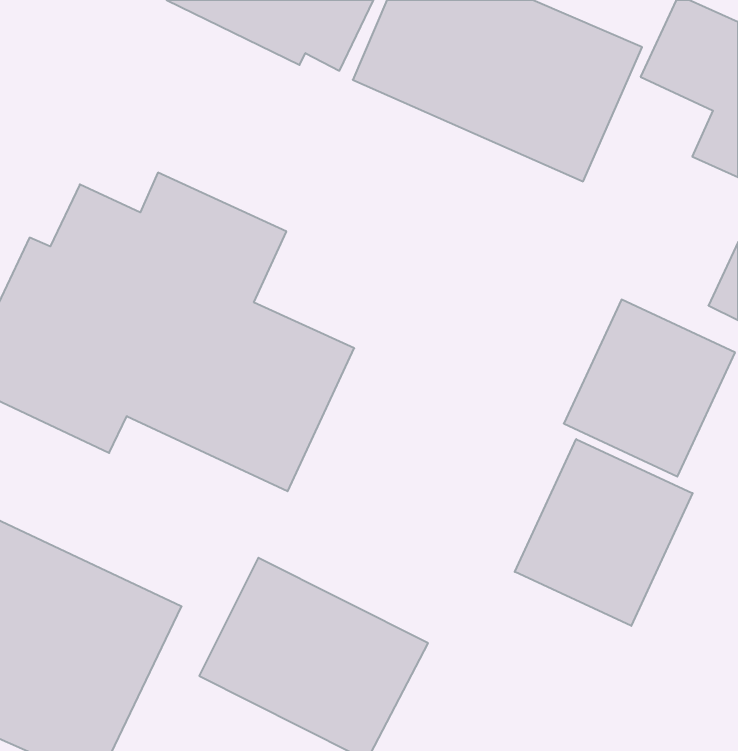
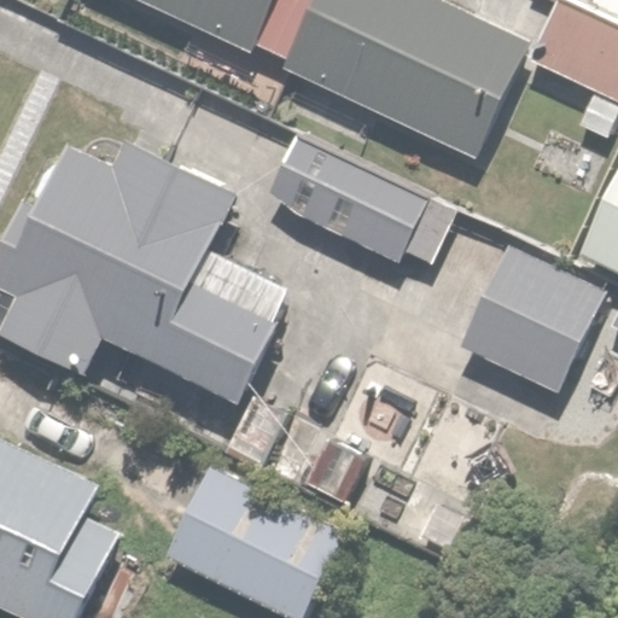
building: none -> [263,130,431,264]
building: [515,439,693,626] -> none

